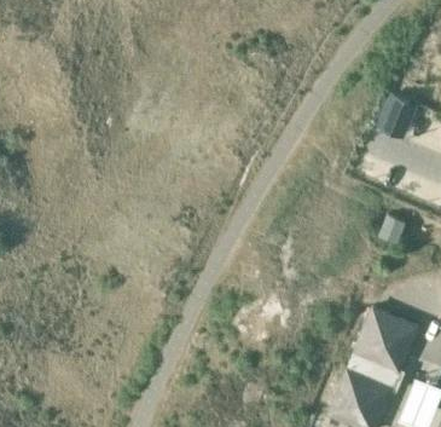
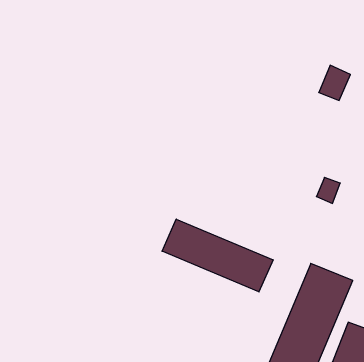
building: none -> [162,219,273,292]

